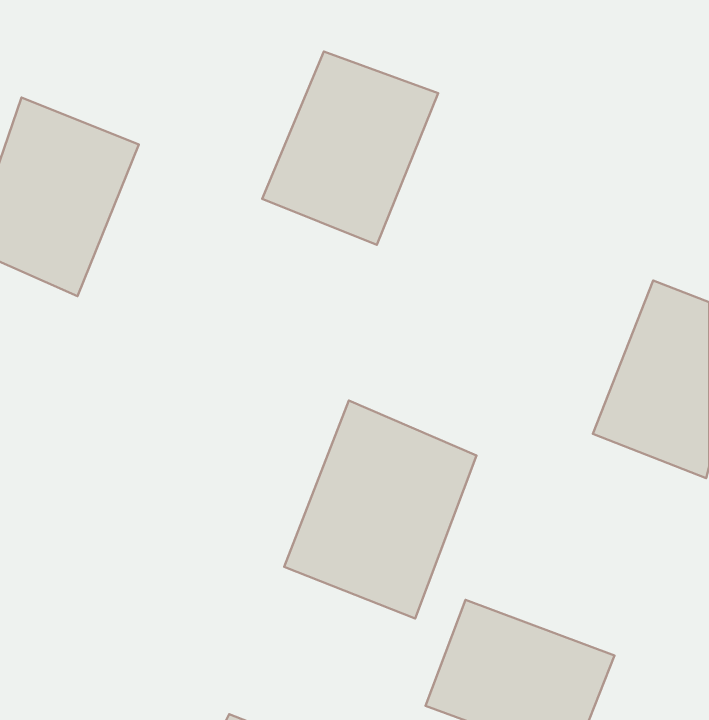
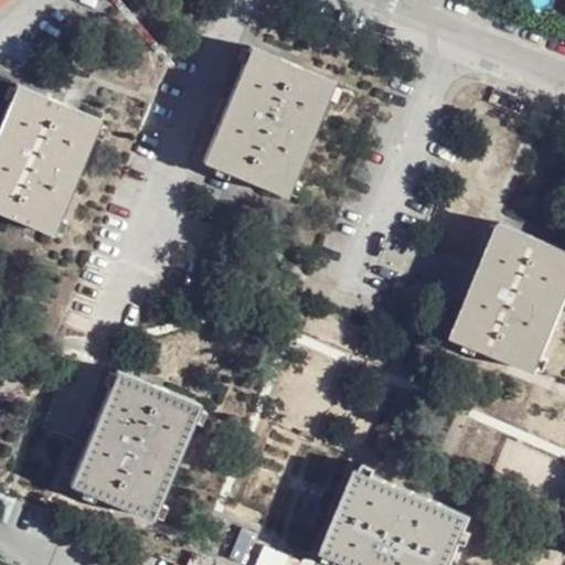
building: [284,400,476,619] -> none
building: none -> [75,372,205,519]

